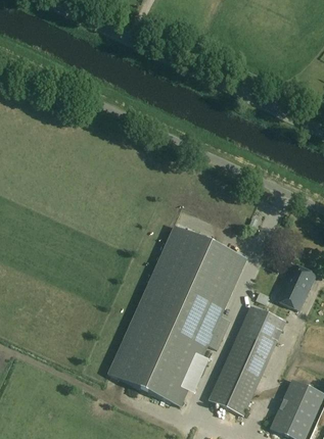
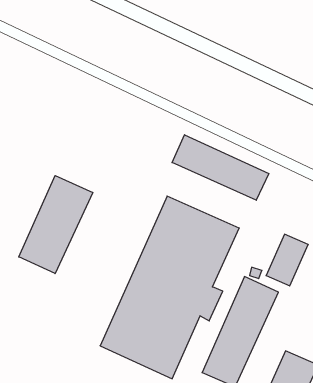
building: none -> [172,135,269,200]
building: none -> [19,176,93,274]

